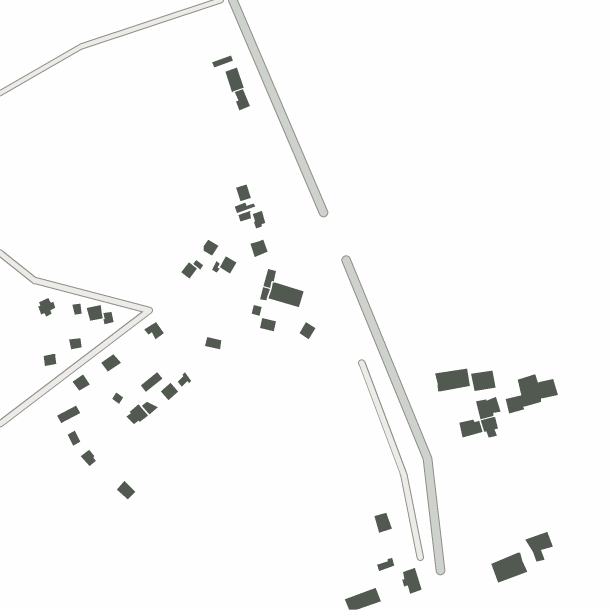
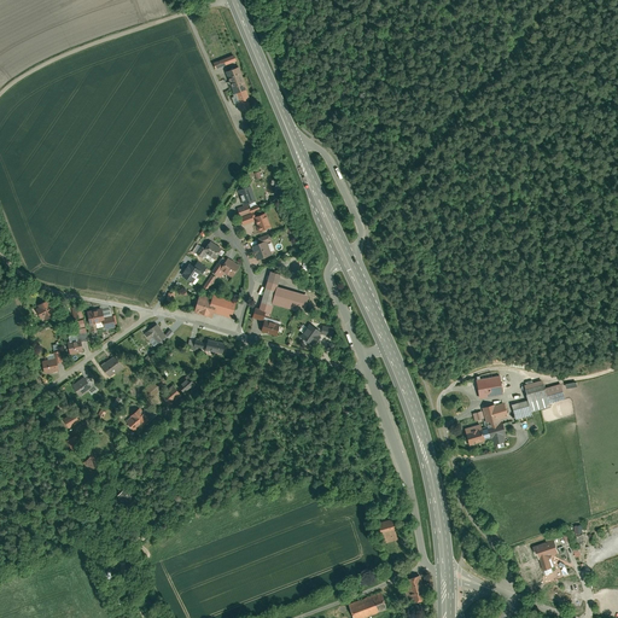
building: none -> [196,293,237,317]
building: [435,368,470,392] -> none
building: [490,552,528,584] -> none

